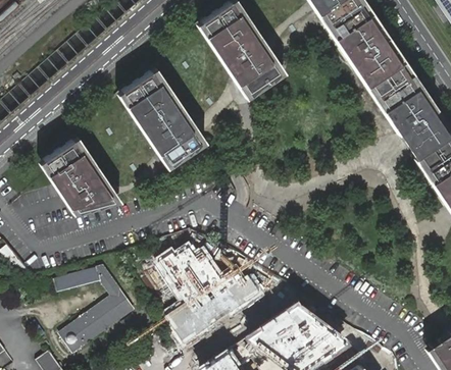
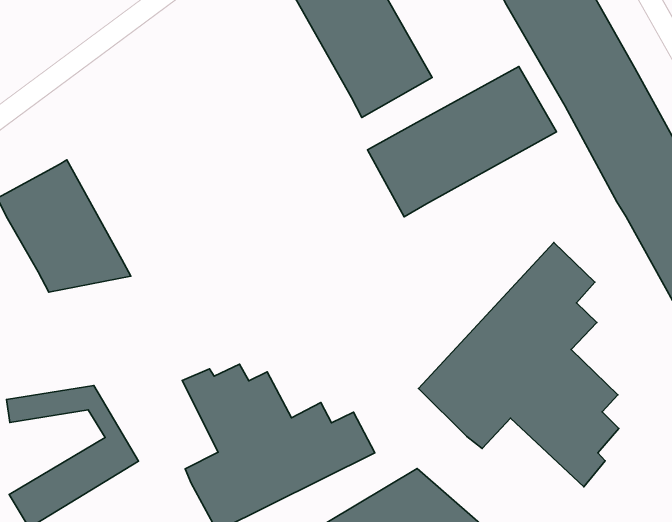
building: none -> [368,66,556,217]
building: [119,67,207,167] -> none
building: none -> [418,242,619,487]

